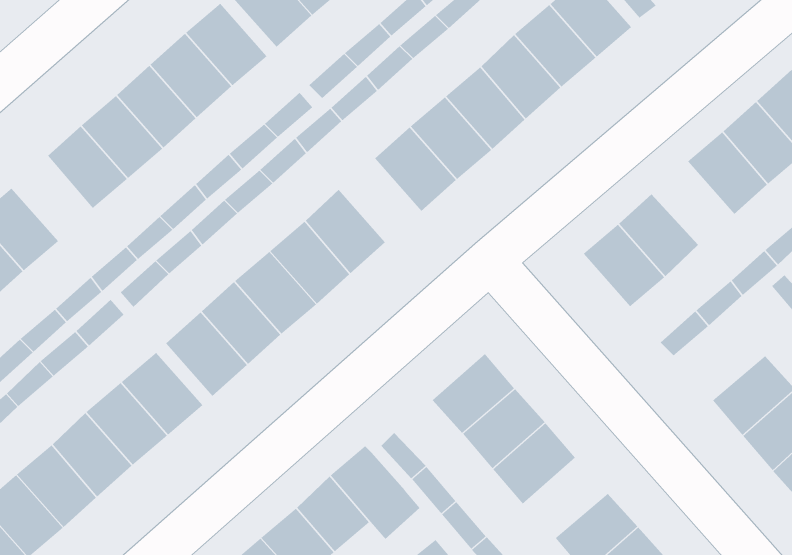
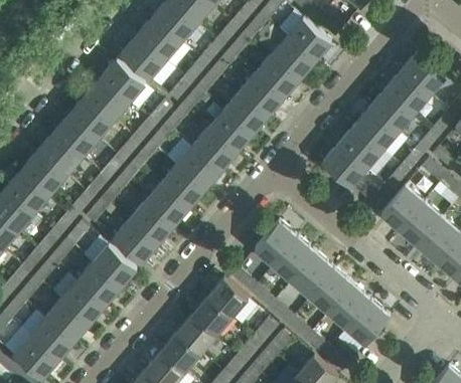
building: none -> [22,151,65,194]
building: none -> [191,129,236,171]
building: none -> [353,108,407,158]
building: none -> [380,186,424,229]
building: none -> [309,268,352,312]

